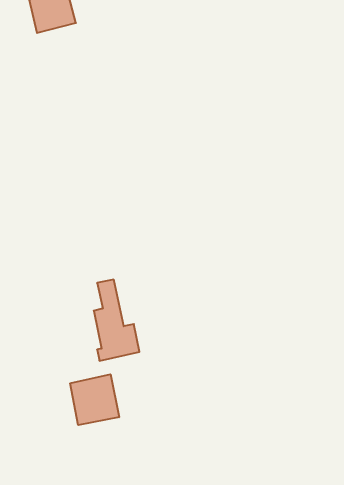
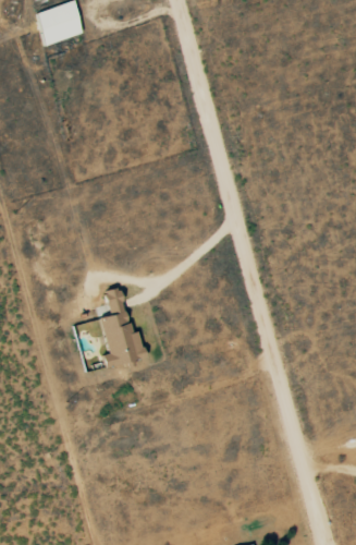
building: [70,374,119,425] -> none

